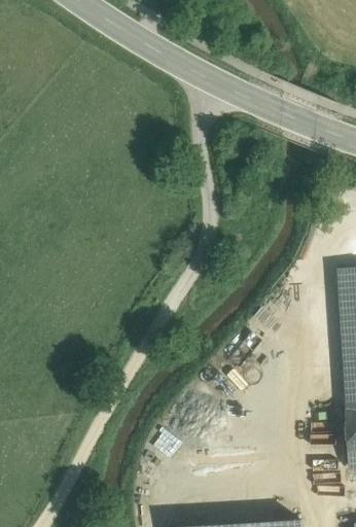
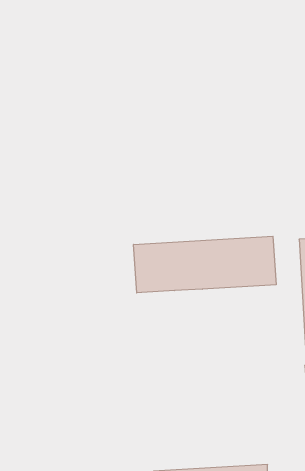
building: none -> [134,236,276,293]

